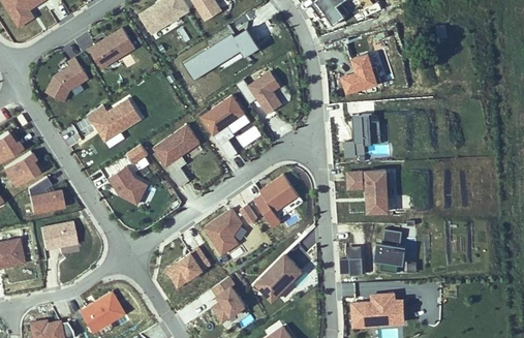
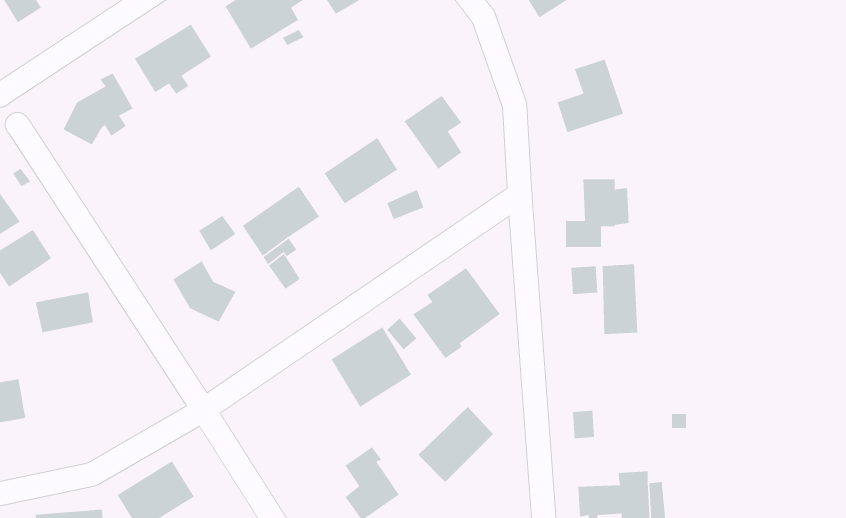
building: [182,29,258,84] -> none
building: [85,99,140,149] -> none
building: [41,221,78,248] -> none
building: [374,229,401,273] -> none
building: [164,243,210,286] -> none

